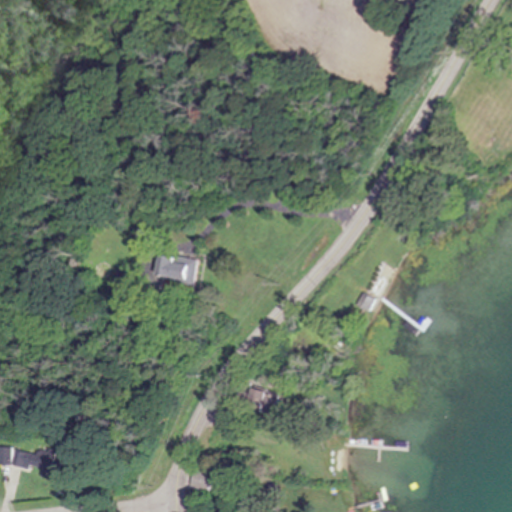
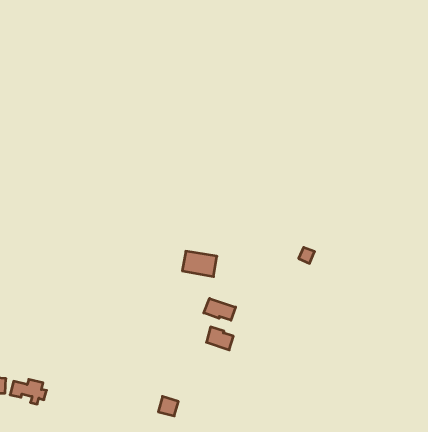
building: [155,253,196,283] -> [182,251,217,277]
building: none -> [204,298,236,320]

